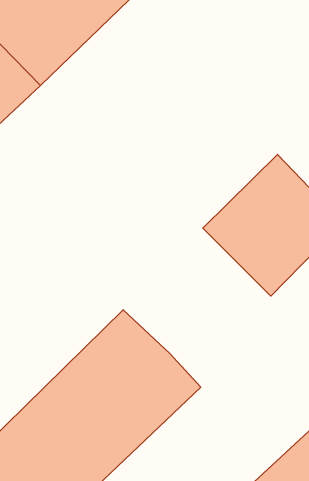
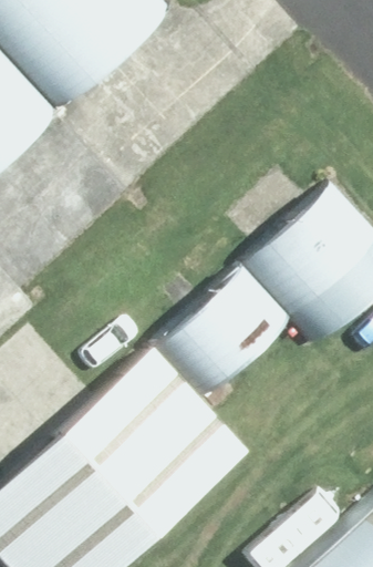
building: none -> [154,271,296,414]

